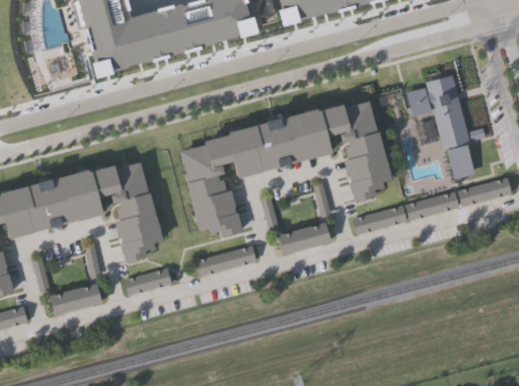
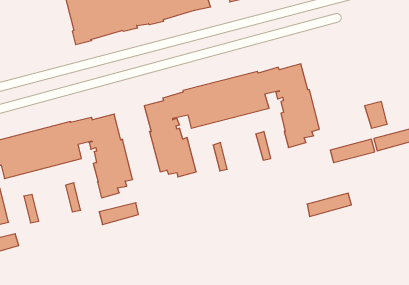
building: [407,74,468,148] -> none
building: [353,206,406,234] -> [307,193,351,217]
building: [277,222,331,255] -> none
building: [196,245,257,277] -> none
building: [50,284,102,316] -> none

